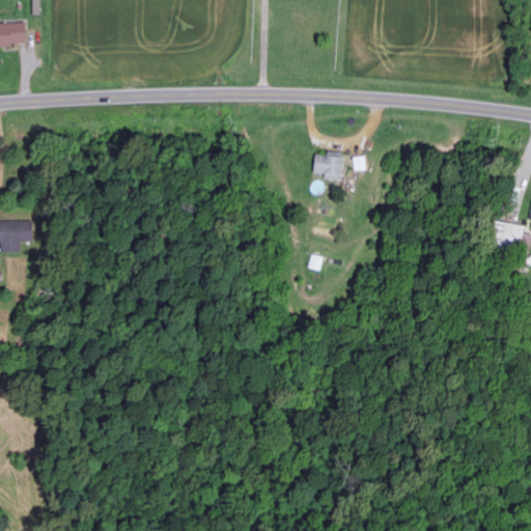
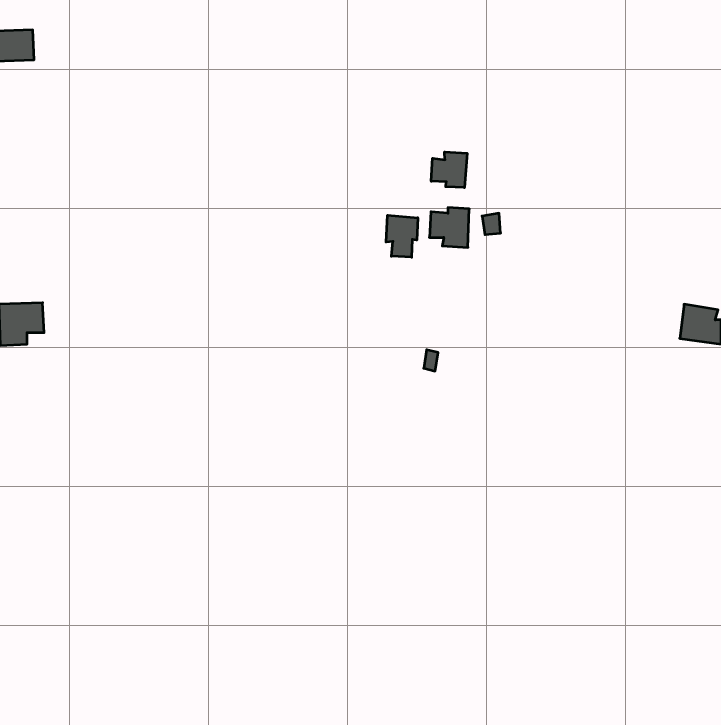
building: none -> [431,152,467,188]
building: none -> [386,215,418,257]

